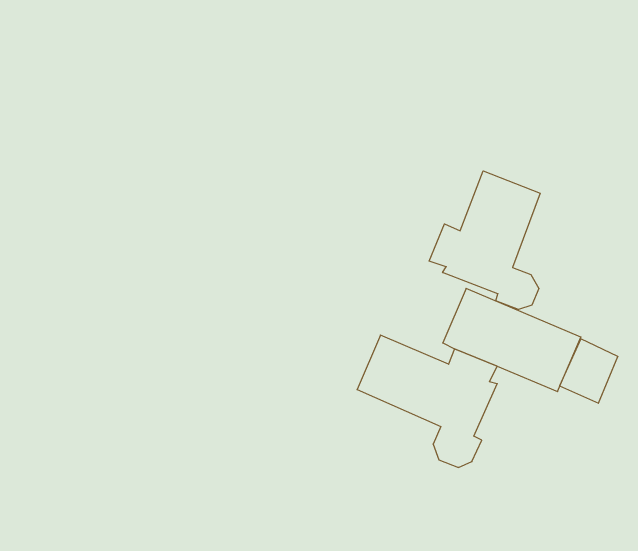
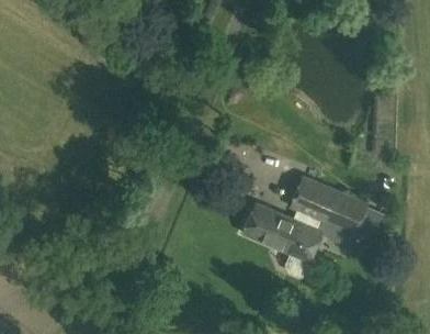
building: [429,171,540,309] -> none

